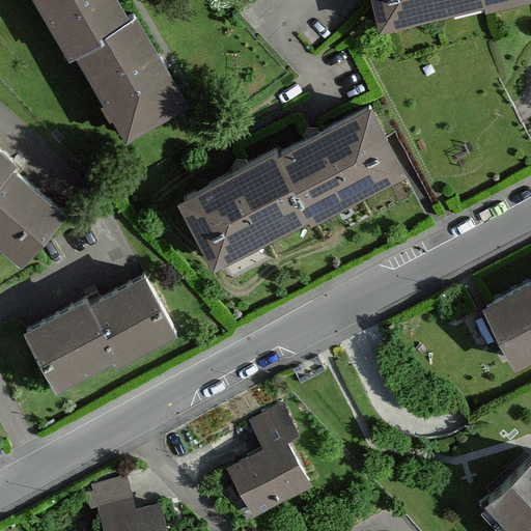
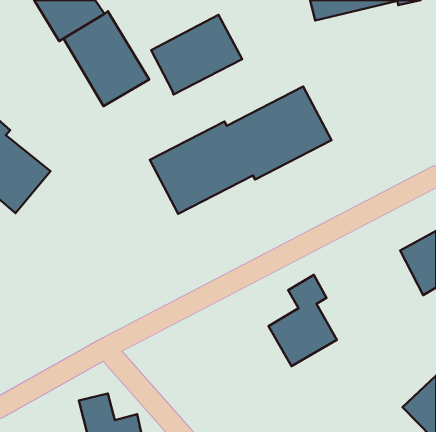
building: none -> [151,15,242,94]
building: [24,277,174,395] -> none
building: [226,406,309,516] -> [268,275,337,366]

